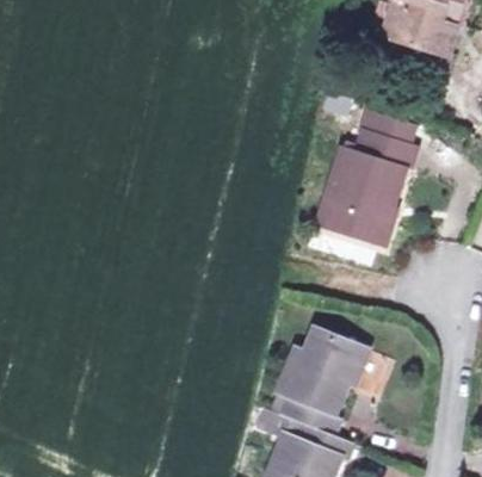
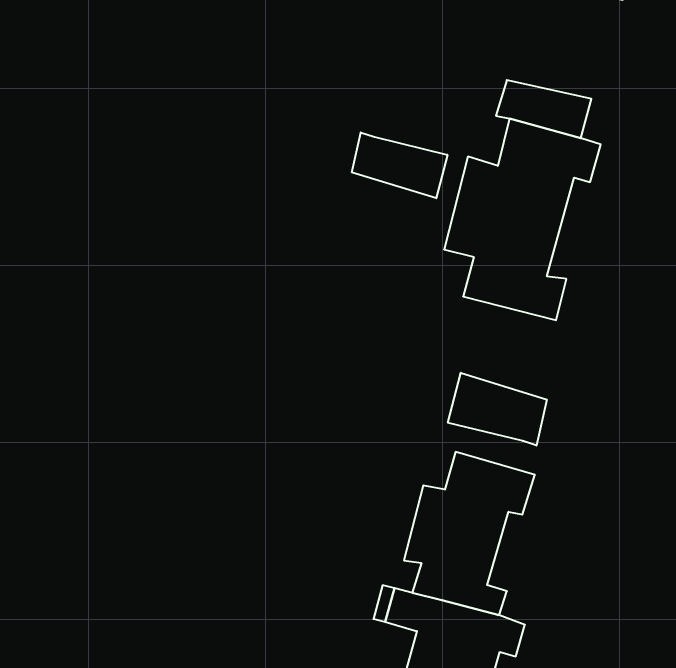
building: none -> [352,132,447,198]
building: none -> [448,373,547,446]

